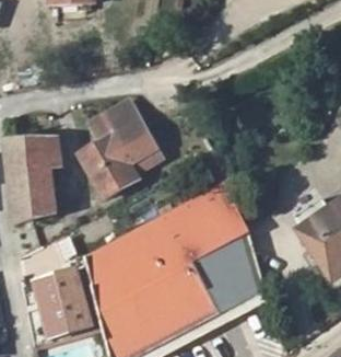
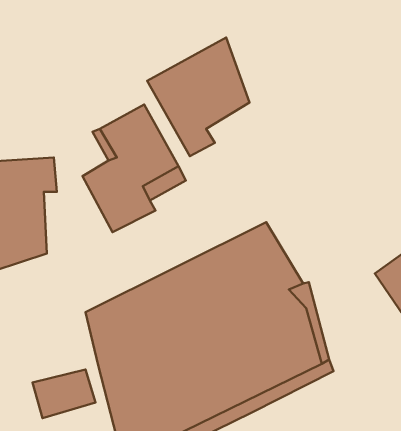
building: none -> [147,38,250,156]
building: [32,265,82,309] -> none

